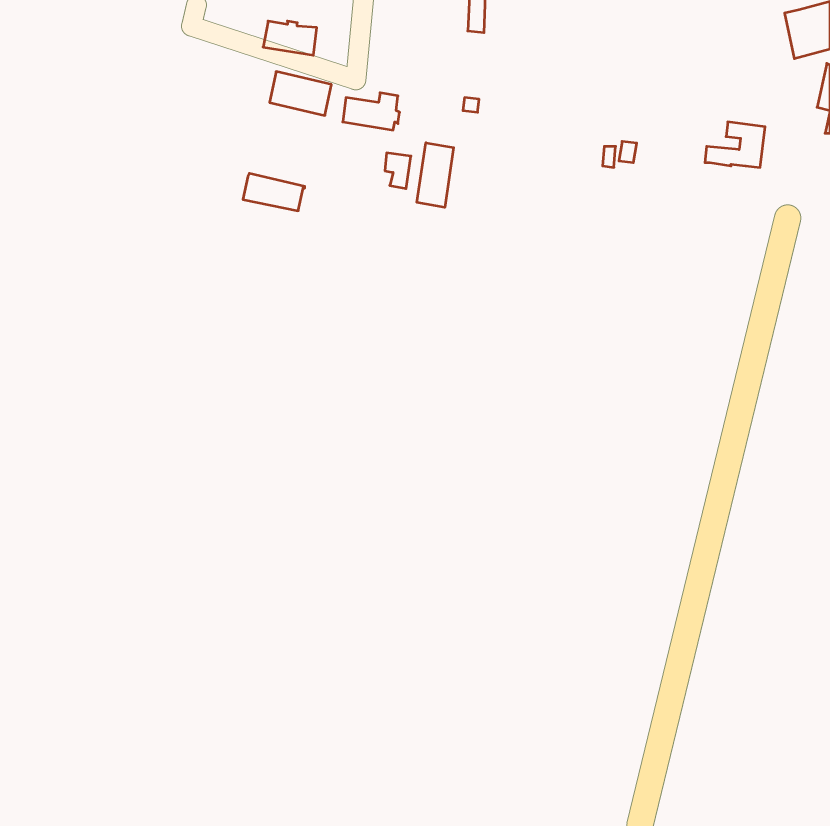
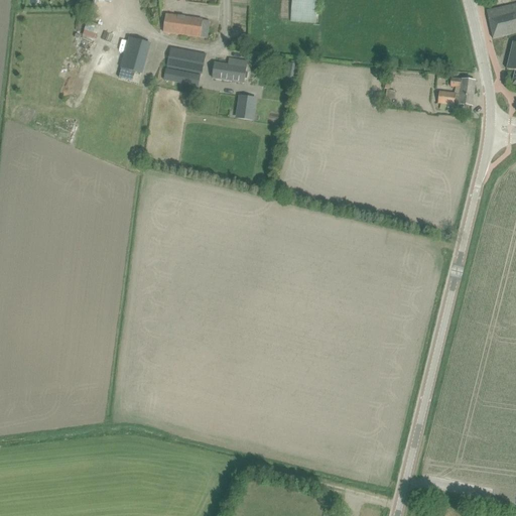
building: none -> [122,36,148,71]
building: [417,143,454,207] -> none
building: [243,173,305,211] -> [163,63,202,87]

